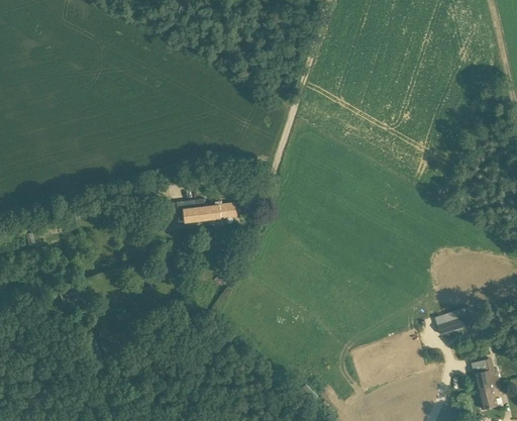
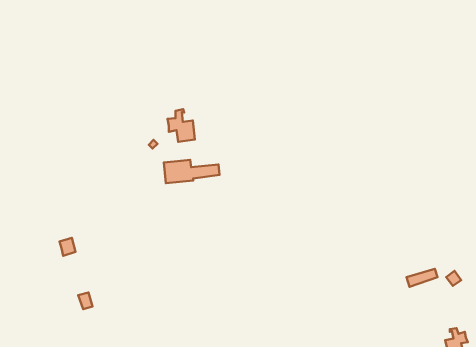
building: none -> [168,109,195,142]
building: [473,358,500,393] -> none

